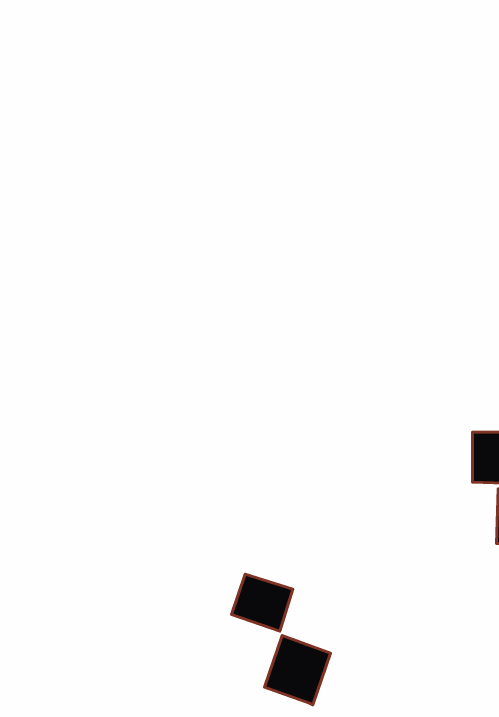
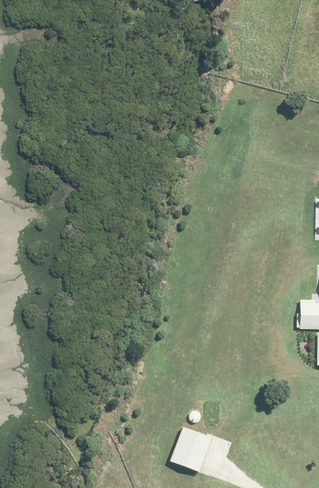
building: [231,574,293,631] -> none

